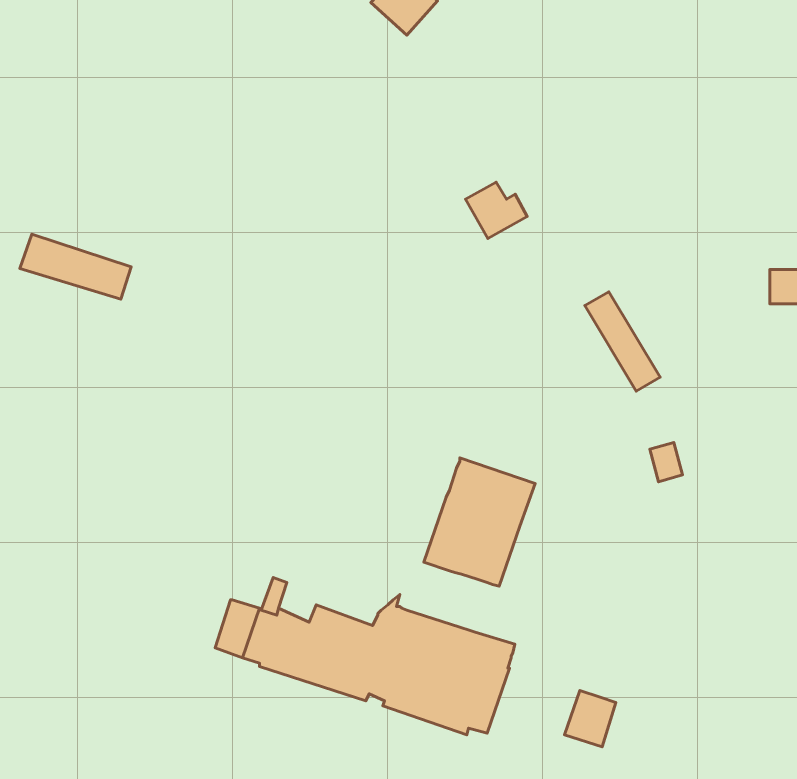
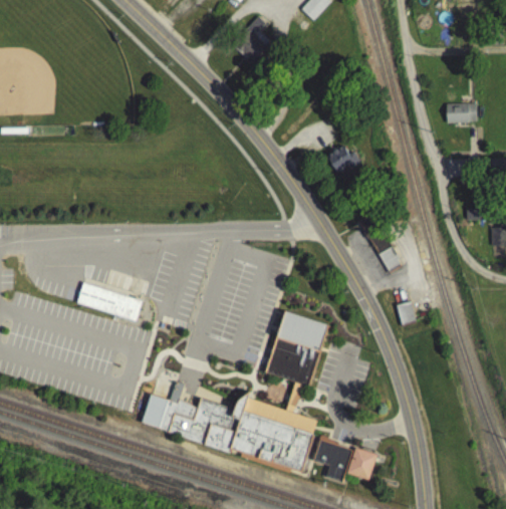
building: none -> [447,103,477,122]
building: [465,182,527,239] -> [325,144,361,177]
building: [20,234,131,299] -> [76,282,142,320]
building: none -> [313,435,353,482]

